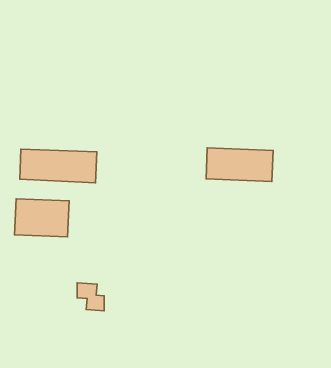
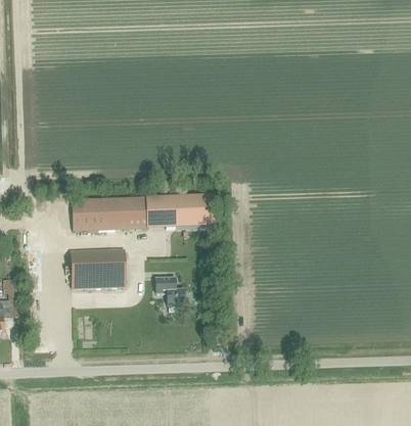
building: [206,148,273,182] -> [148,194,217,228]
building: [77,283,104,311] -> [154,277,184,303]

